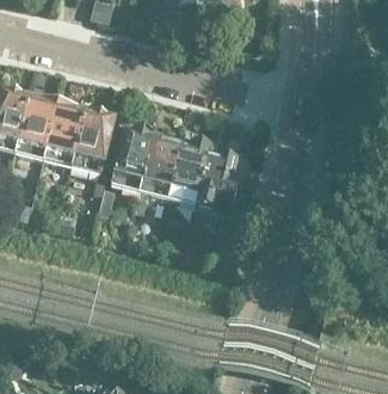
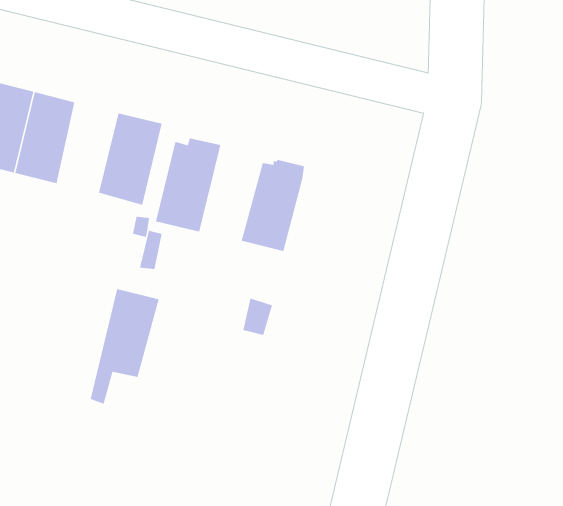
building: [43,101,84,162] -> none
building: [134,135,180,213] -> [90,289,159,404]
building: [195,153,236,210] -> none

